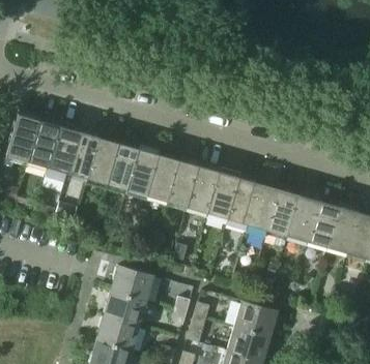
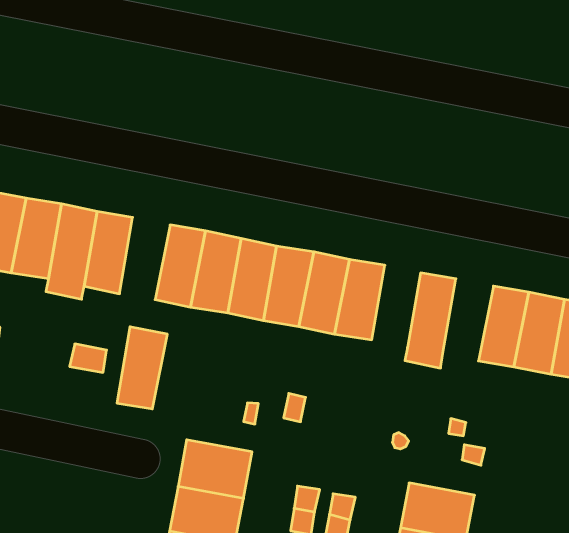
building: [87,138,119,185] -> [117,327,167,409]
building: [227,178,258,225] -> none
building: [266,189,298,237] -> none

